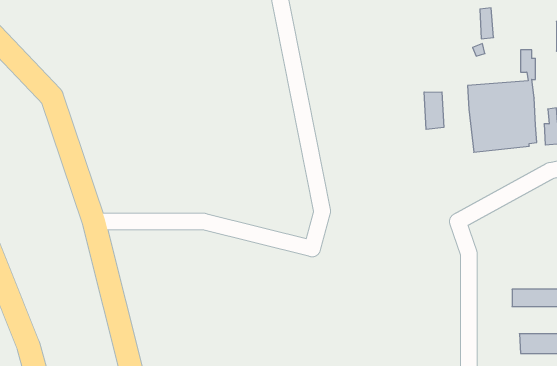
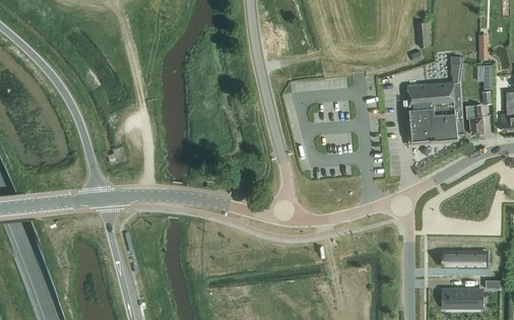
building: [424,92,444,129] -> none

